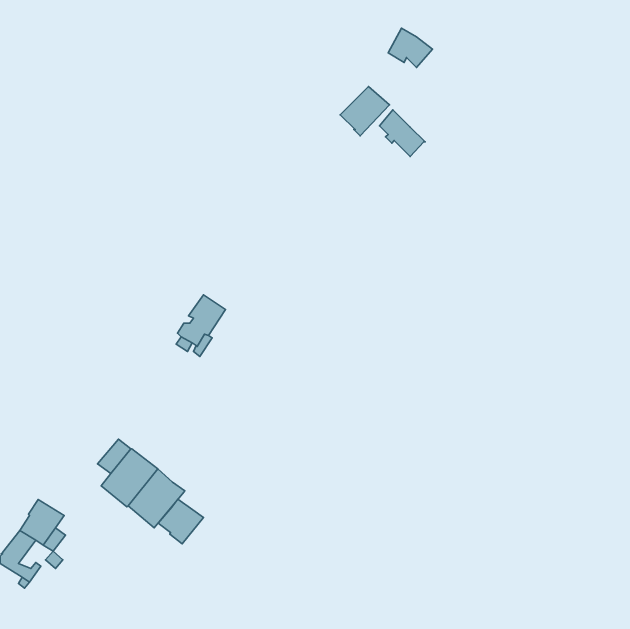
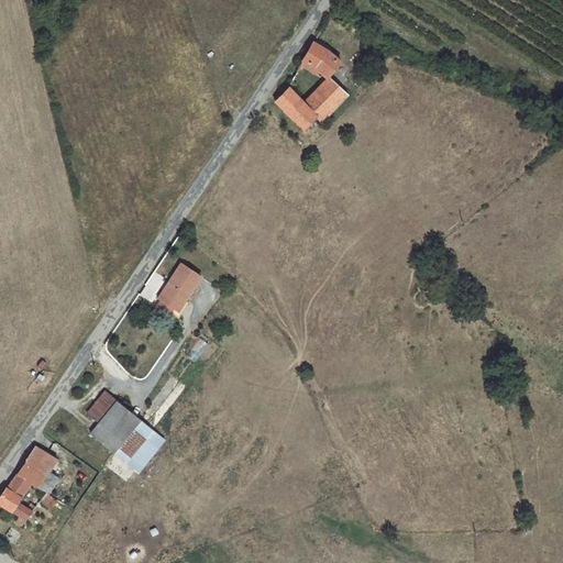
building: [388,28,432,68] -> [301,42,341,77]
building: [379,110,425,157] -> [276,87,317,129]
building: [158,499,204,544] -> none

